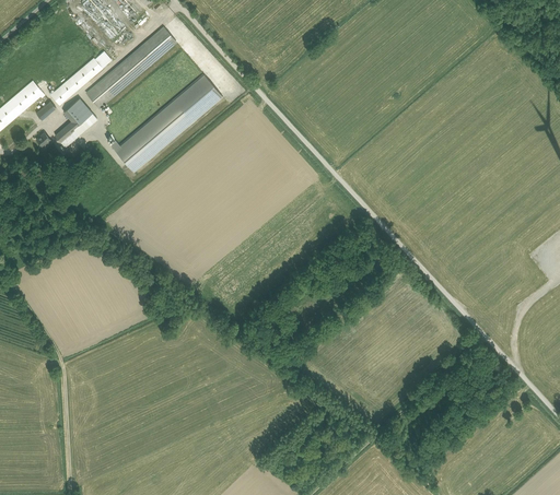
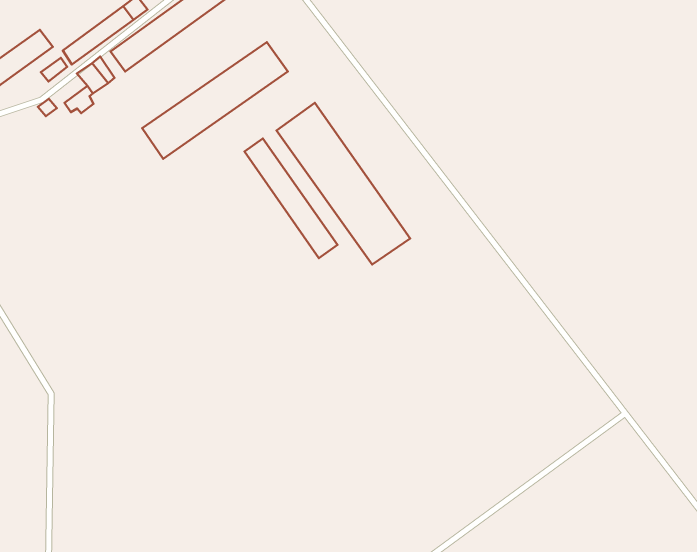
building: none -> [276,103,410,264]
building: none -> [244,139,338,258]

